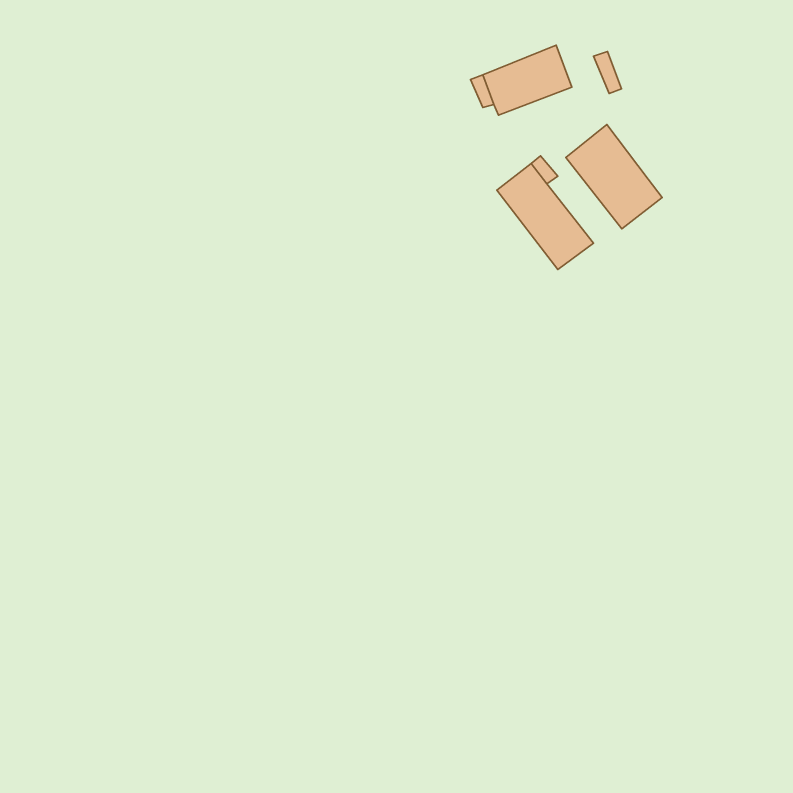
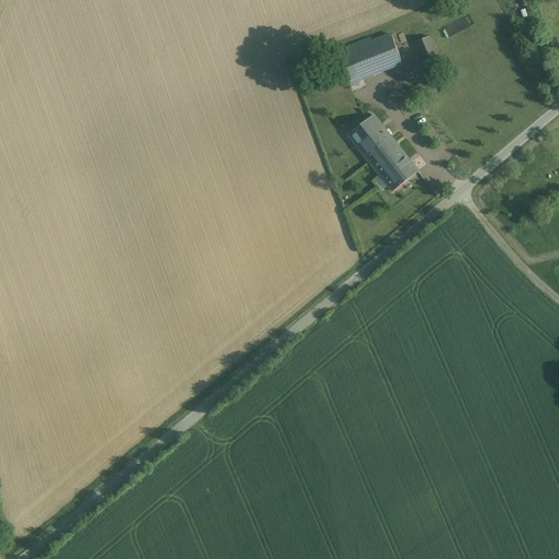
building: [566,125,662,229] -> none

